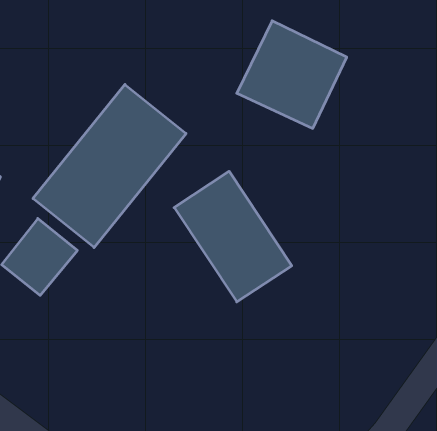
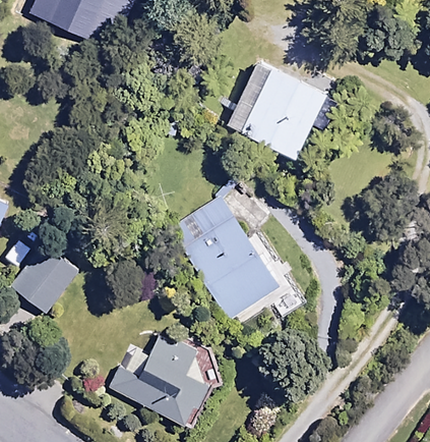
building: [33,84,186,248] -> none
building: none -> [106,333,213,430]

